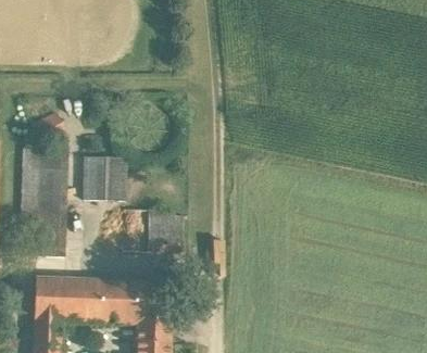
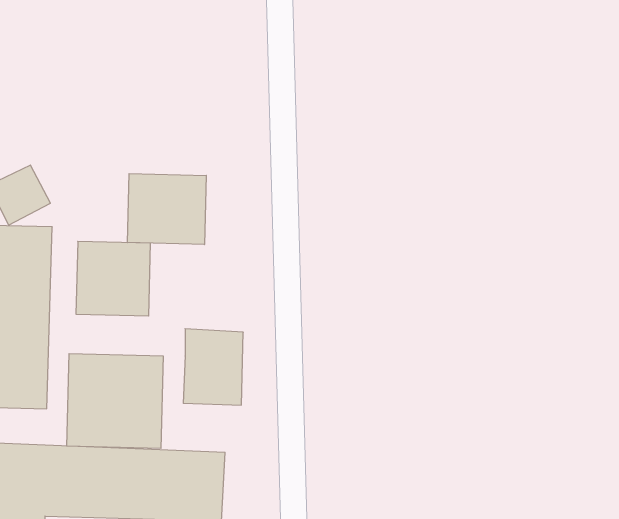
building: none -> [127,174,206,245]
building: none -> [67,354,163,448]

